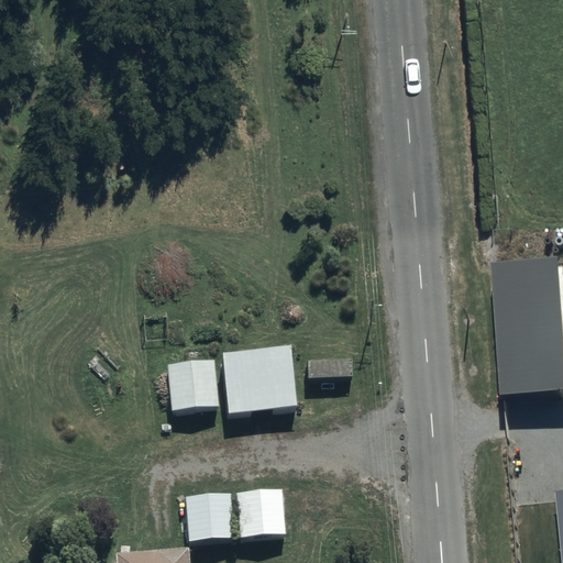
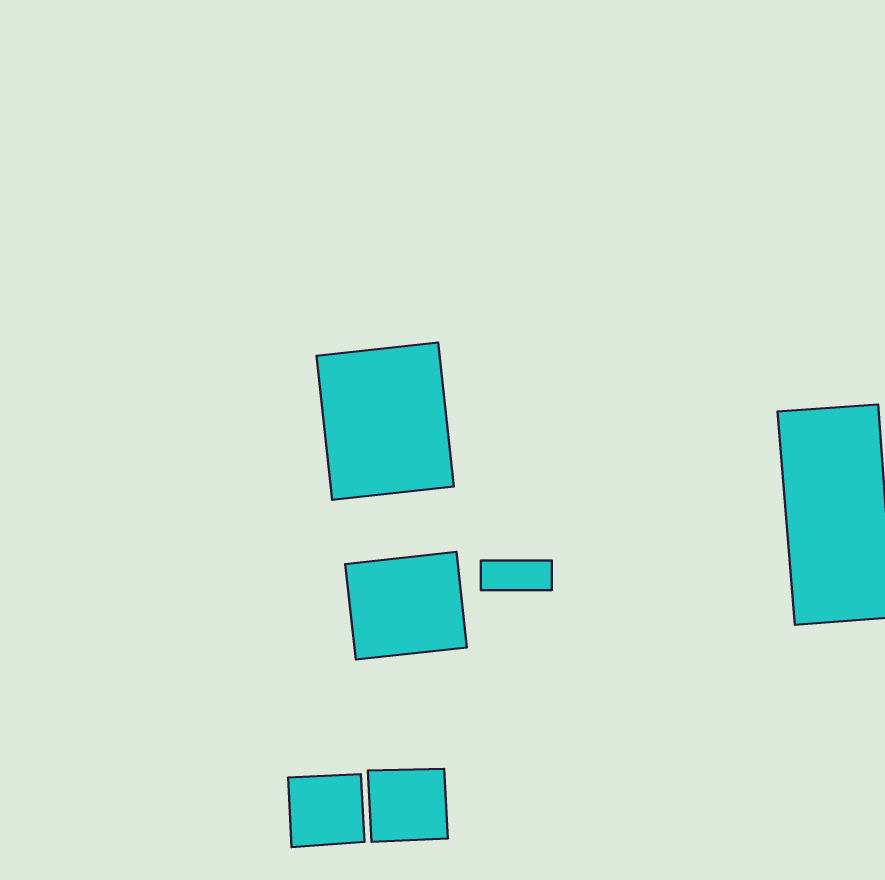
building: none -> [317,342,454,500]
building: [167,362,218,411] -> none

